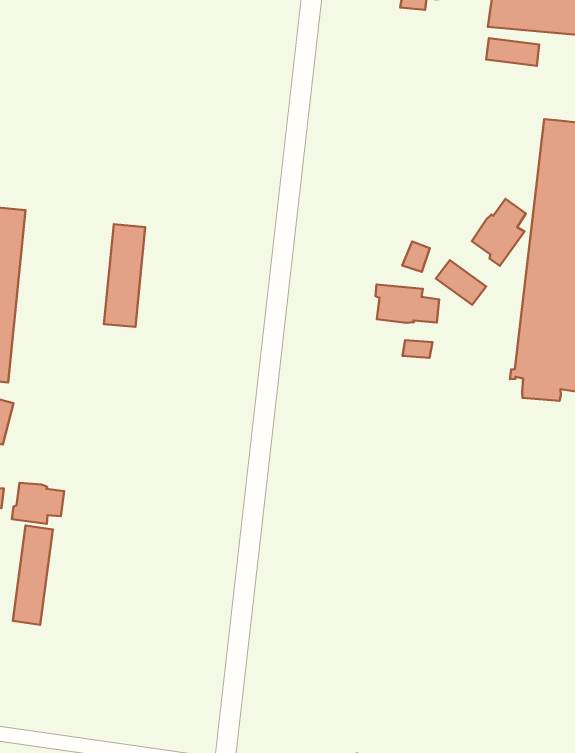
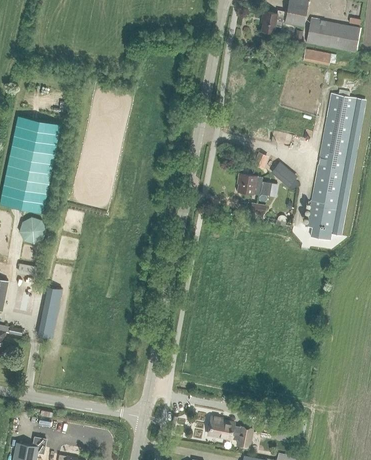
building: [472,199,526,266] -> none
building: [104,224,145,327] -> none
building: [12,483,64,524] -> none

